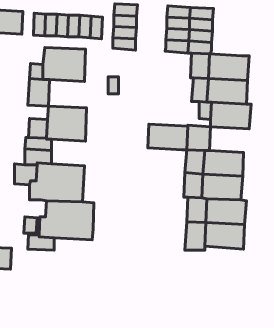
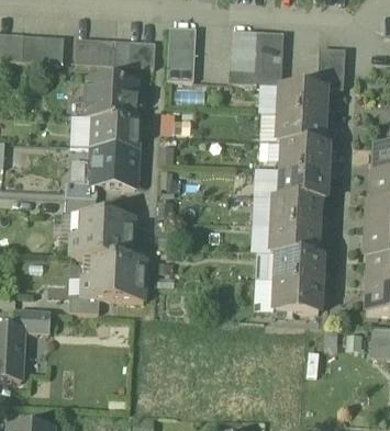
building: none -> [317,48,346,89]
building: none -> [93,115,138,148]
building: [148,124,188,150] -> [280,170,326,200]

